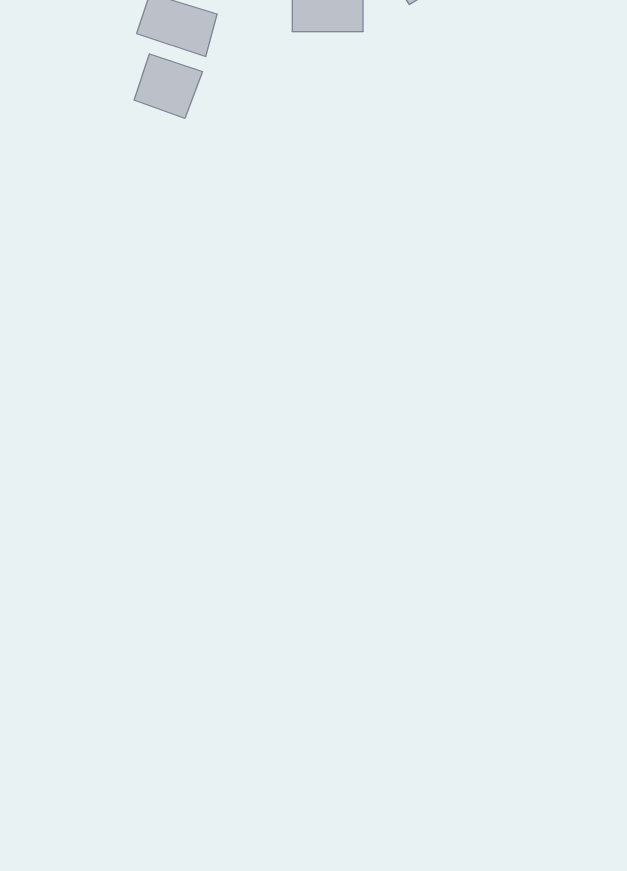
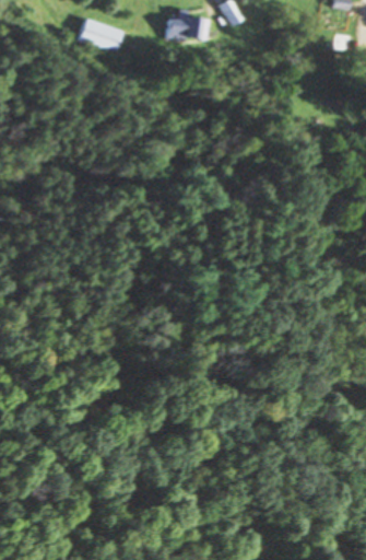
building: [134,54,202,118] -> none

